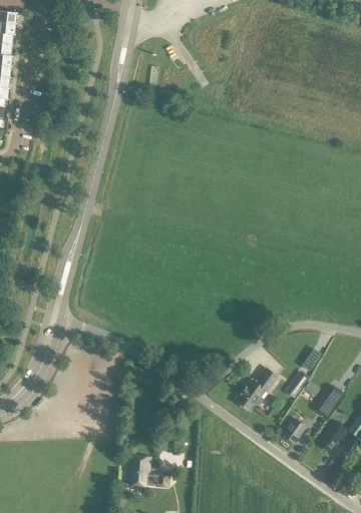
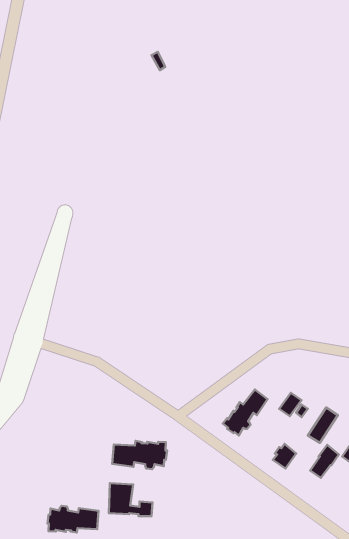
building: none -> [112,441,167,469]
building: none -> [47,506,99,533]

